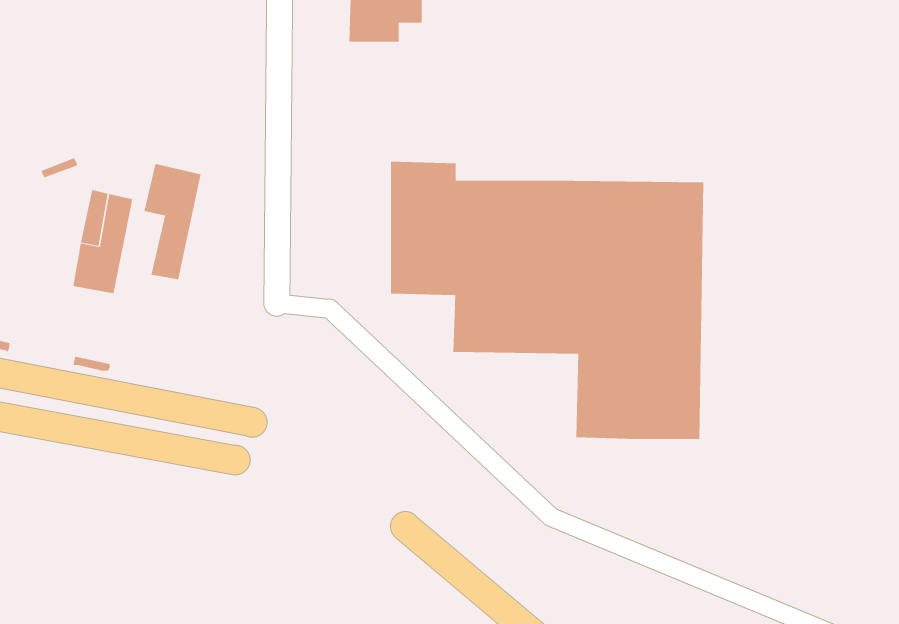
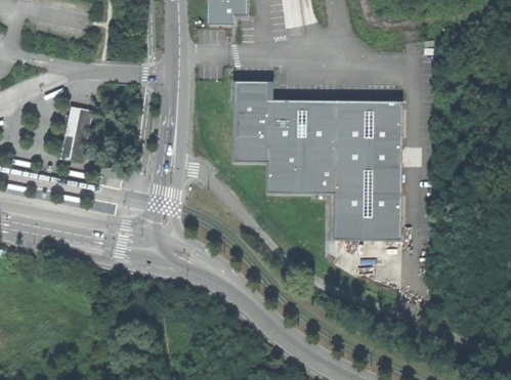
building: none -> [231,81,276,99]
building: [144,163,201,280] -> none

